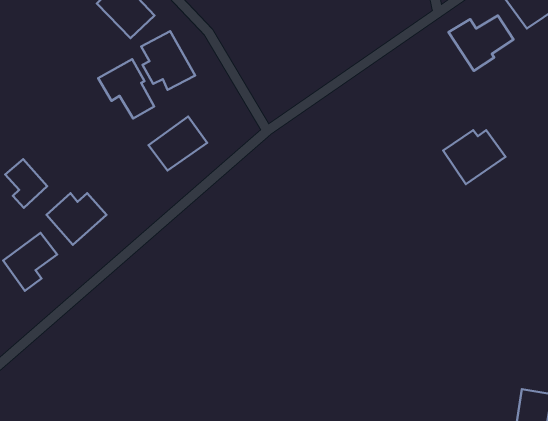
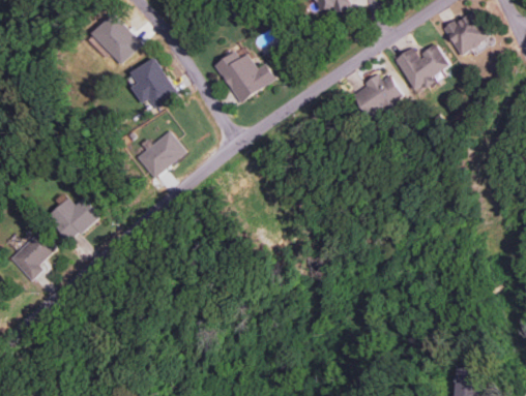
building: none -> [213,52,276,103]
building: [98,59,154,118] -> none
building: [443,130,506,184] -> [352,75,406,122]
building: [5,159,47,208] -> none

